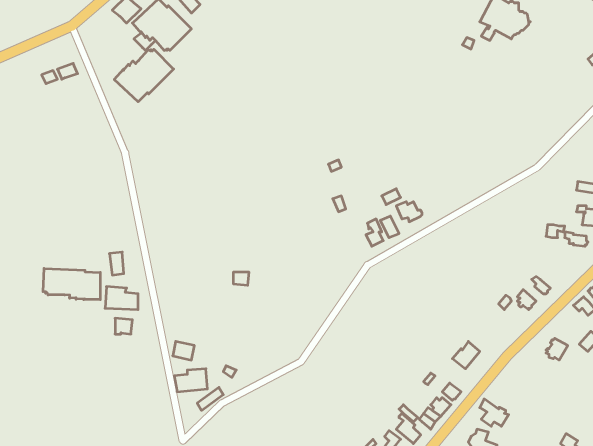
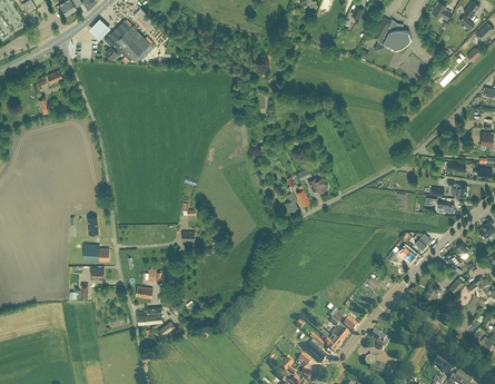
building: [114,49,174,102] -> none
building: [43,268,100,300] -> none

